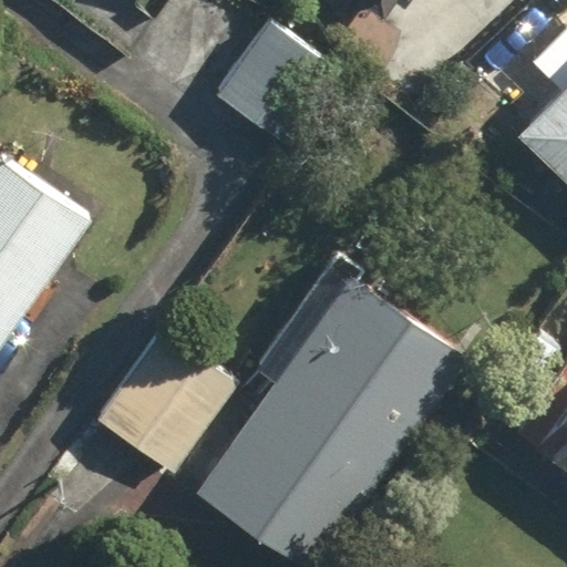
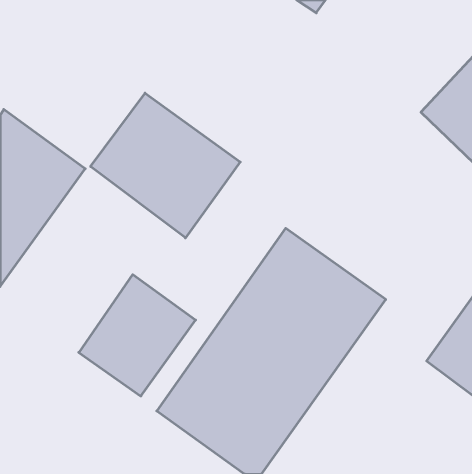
building: [213,22,337,147] -> none
building: none -> [91,93,240,238]

